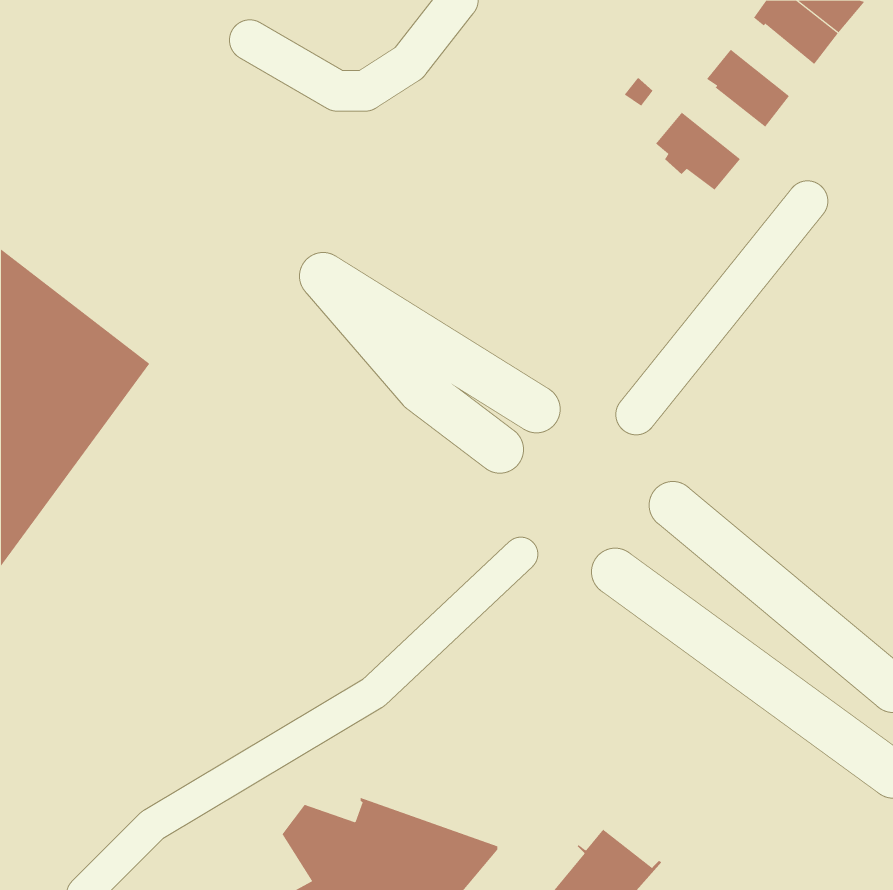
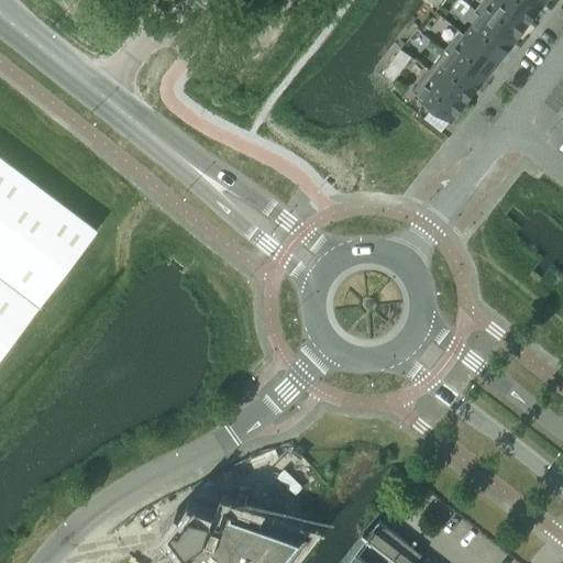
building: none -> [465,18,512,63]
building: none -> [429,52,482,102]

